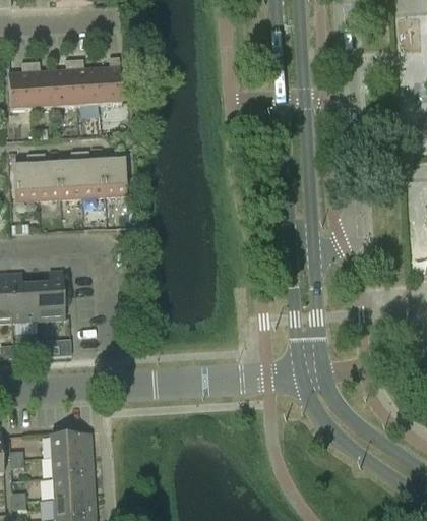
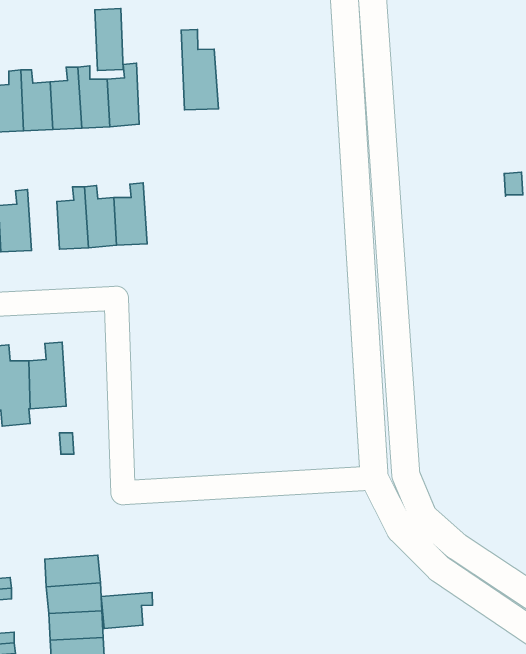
building: none -> [95,9,123,71]
building: none -> [181,30,218,110]
building: [35,153,59,199] -> none
building: none -> [101,593,153,629]

